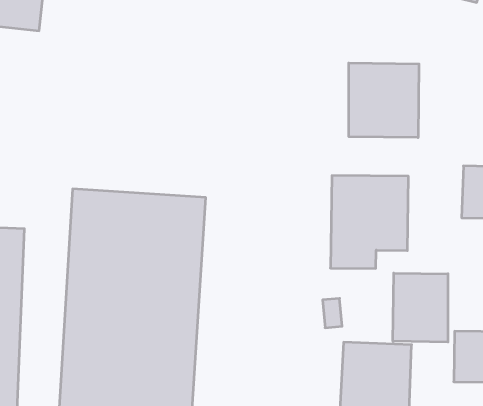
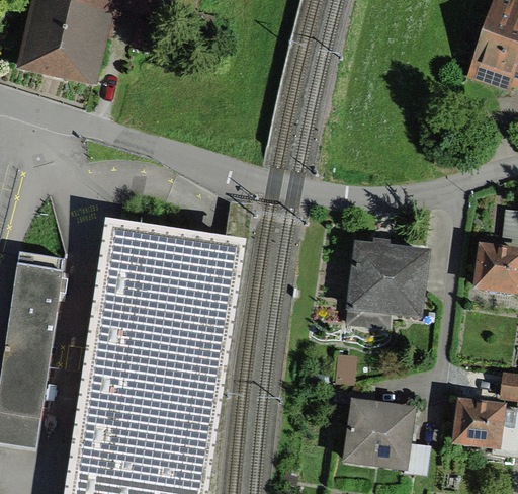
building: [349,63,419,138] -> none
building: [393,273,448,342] -> none

